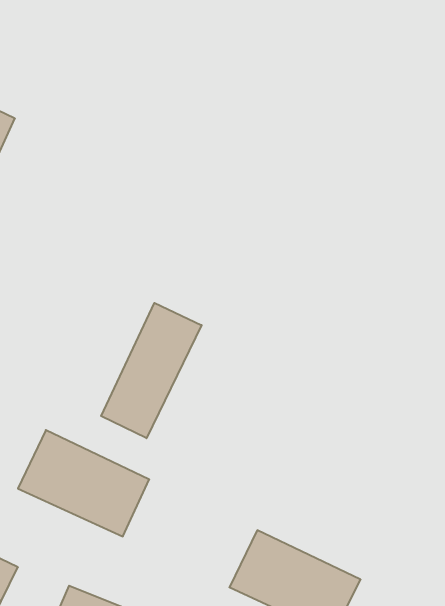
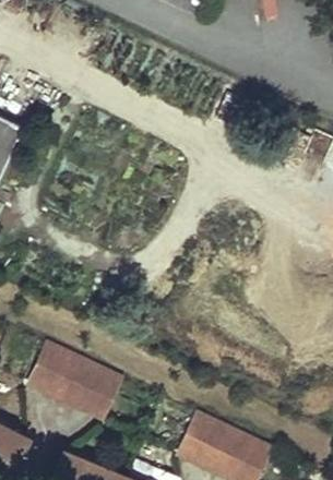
building: [101,303,202,438] -> none

